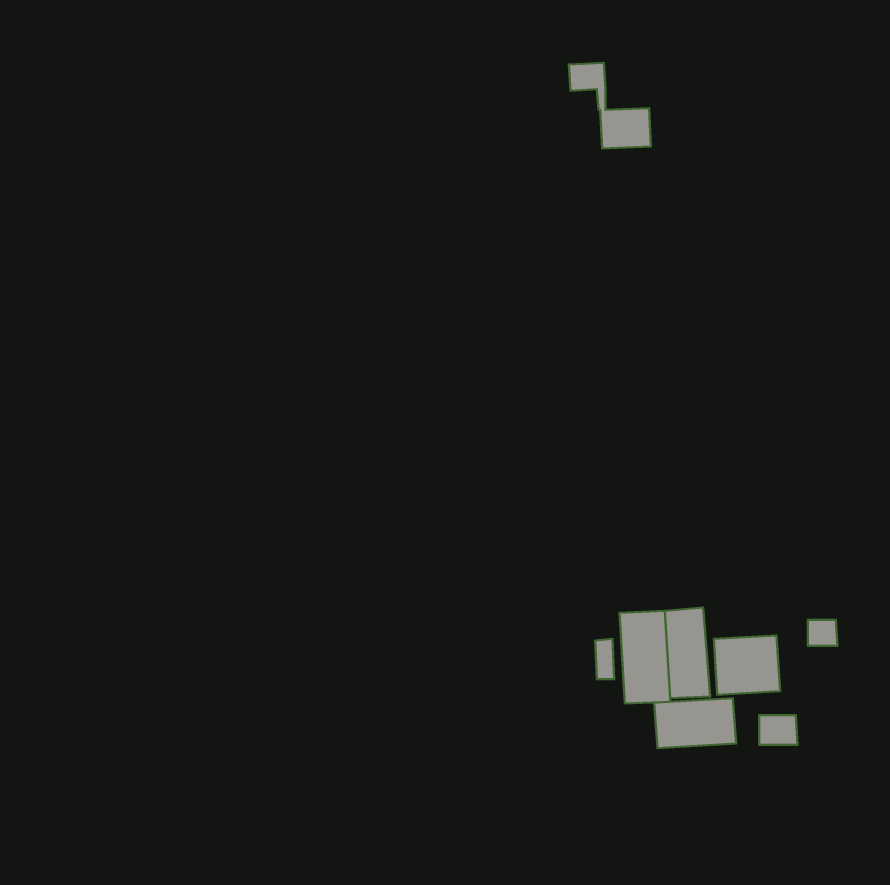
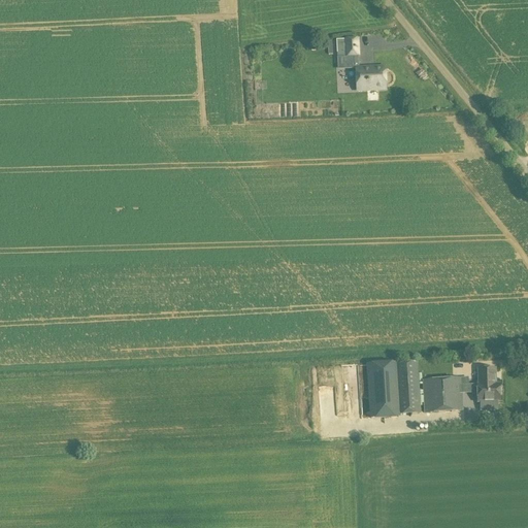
building: [654,698,736,748] -> none
building: [759,715,797,745] -> [476,382,499,399]

